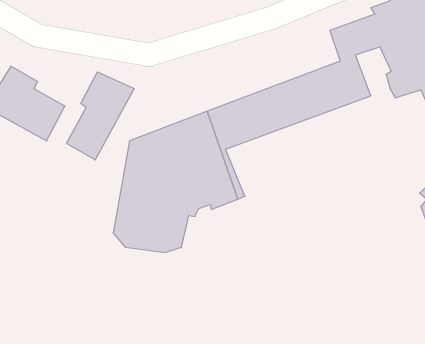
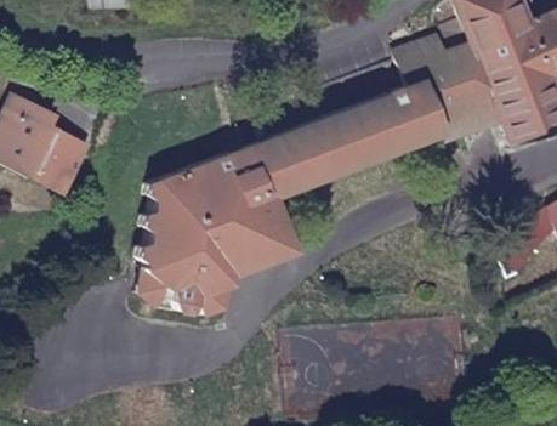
building: none -> [427,72,470,130]
building: [67,72,134,160] -> none

